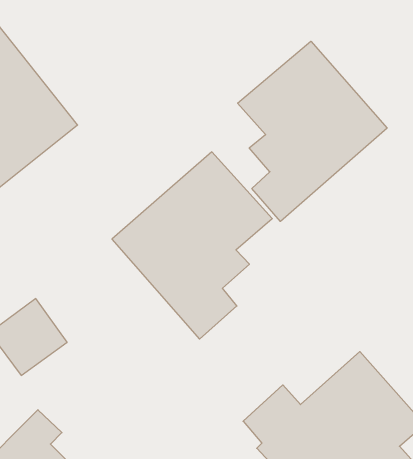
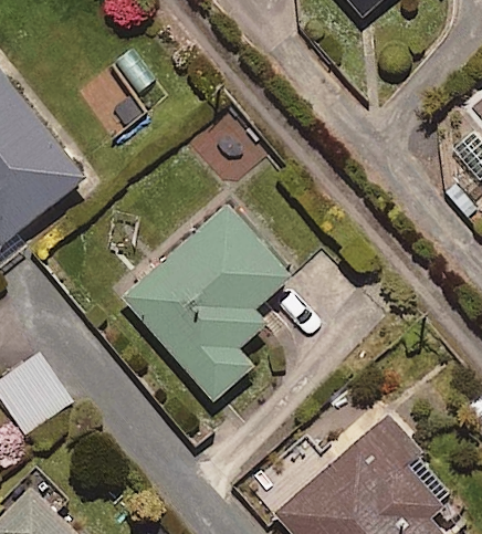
building: [238,41,387,221] -> none

